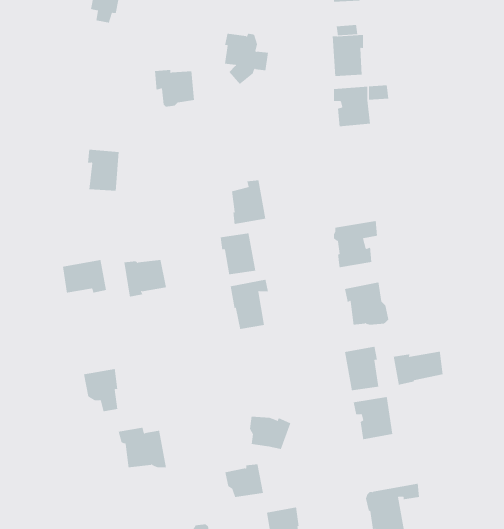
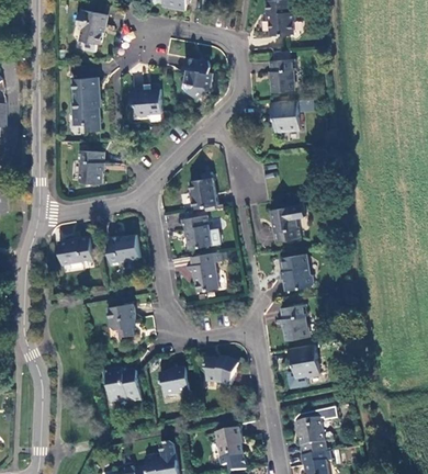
building: none -> [70,79,98,132]
building: [393,351,443,386] -> none
building: [83,369,118,412] -> [104,304,132,338]
building: [225,464,264,497] -> [156,369,187,395]

